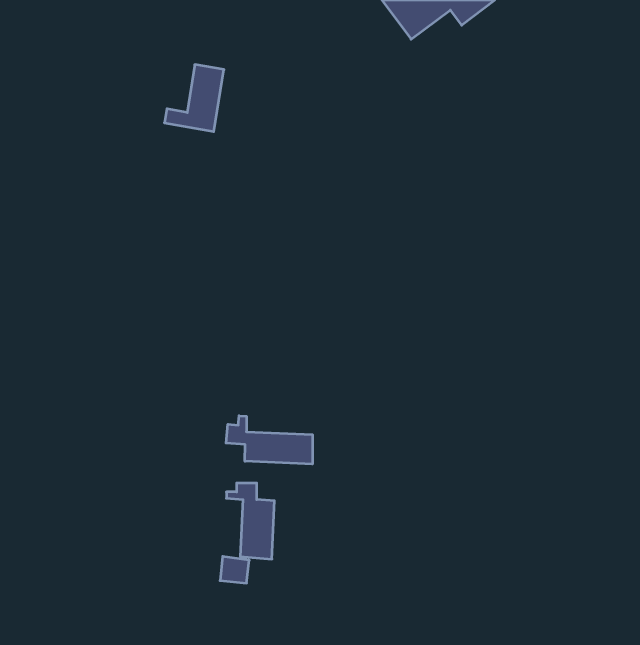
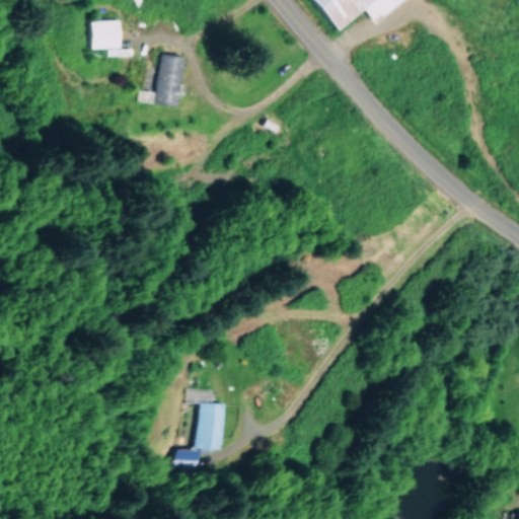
building: none -> [91,19,121,48]
building: [226,416,312,464] -> none

